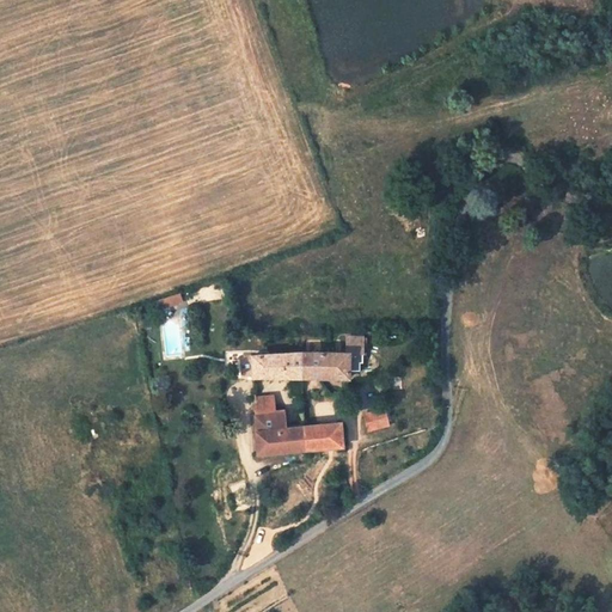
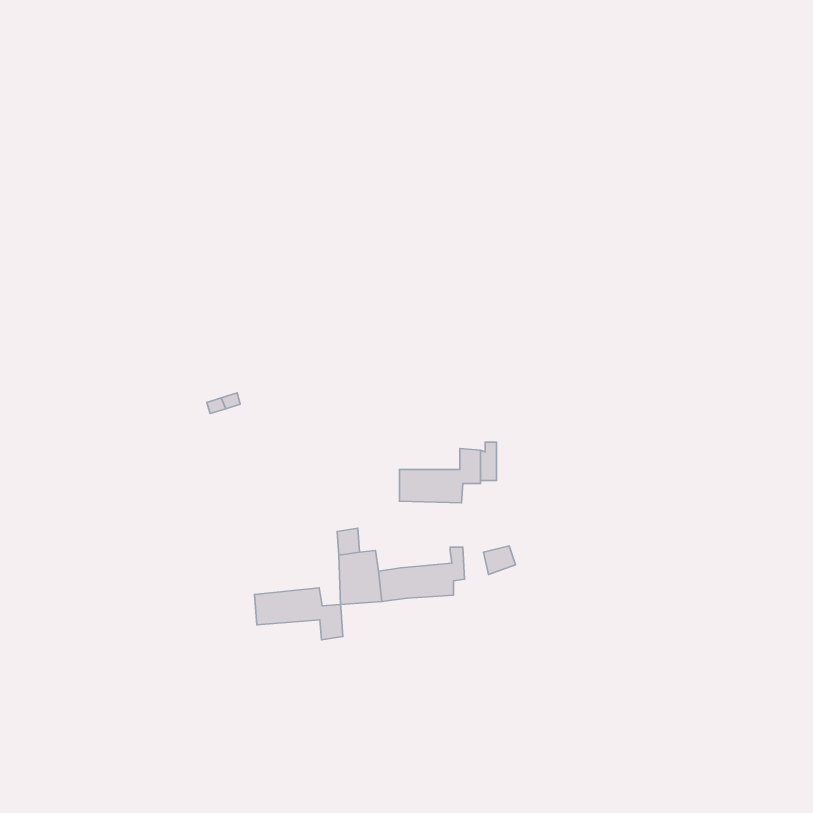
building: [250,353,300,377] -> none
building: none -> [255,588,343,640]

